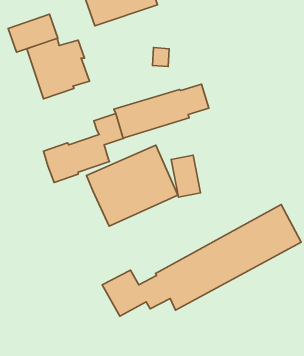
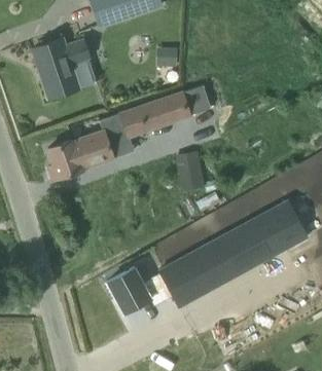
building: [8,14,58,52] -> none
building: [87,145,178,226] -> none

